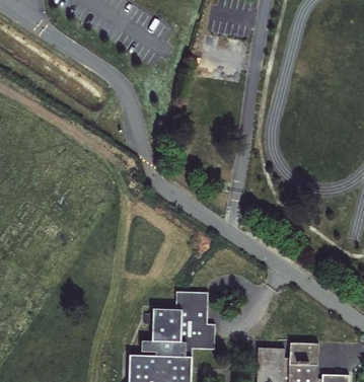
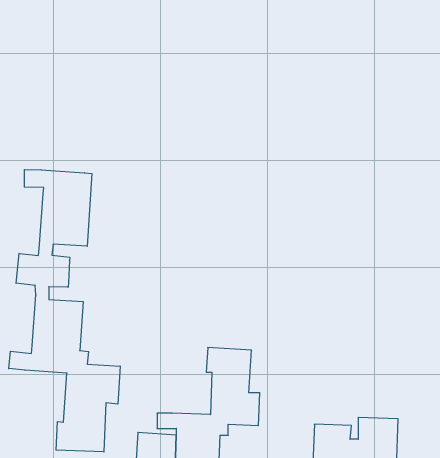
building: none -> [9,170,120,452]
building: [152,307,181,339] -> none

